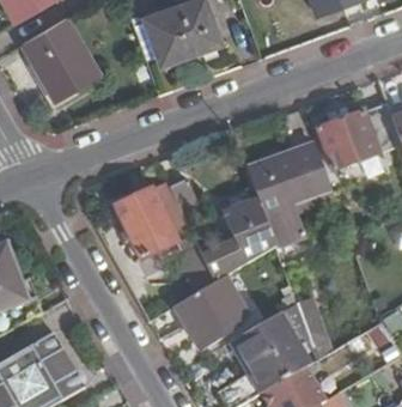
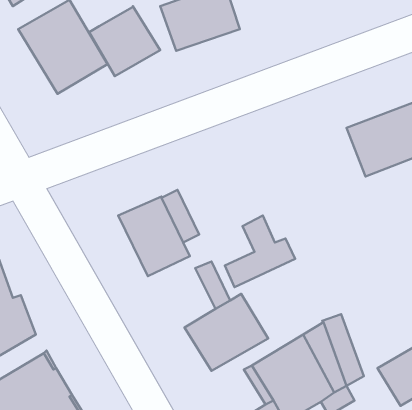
building: none -> [89,6,160,76]
building: [246,144,331,248] -> none

